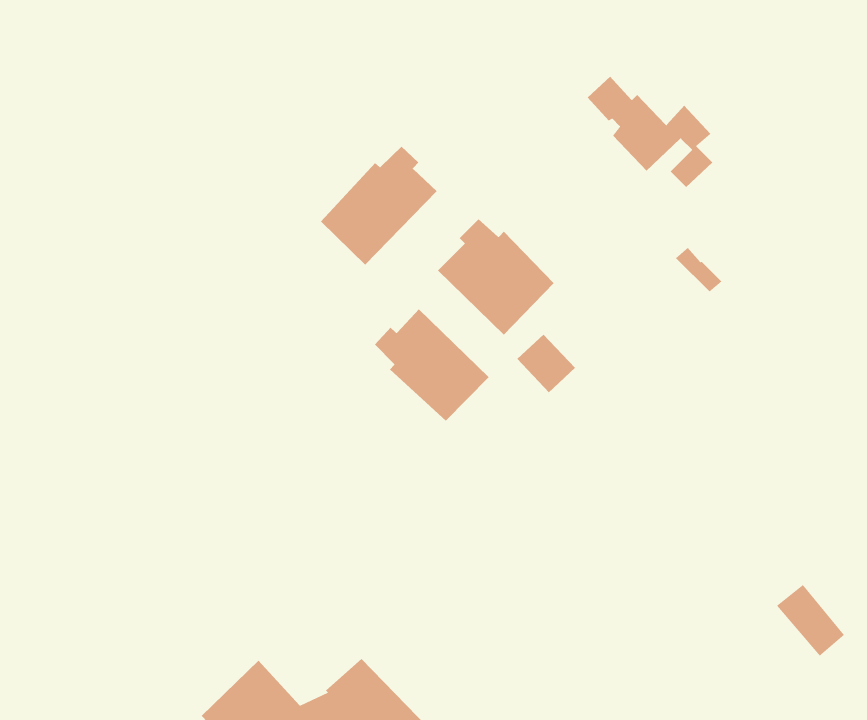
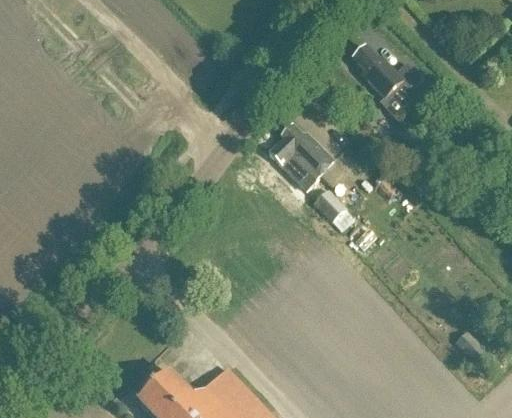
building: [320,146,438,266] -> none
building: [374,308,490,422] -> none

